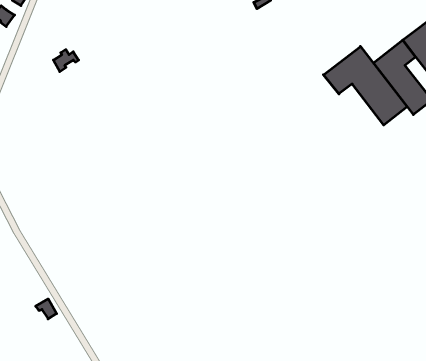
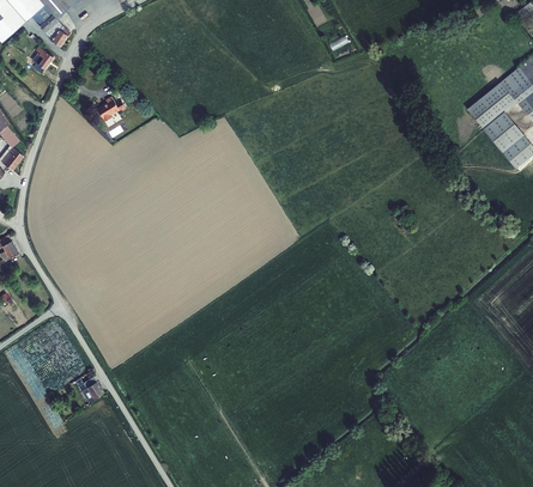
building: [323,46,407,125] -> none

